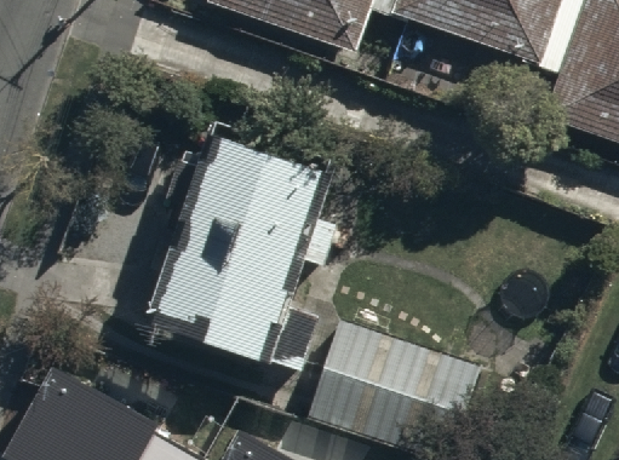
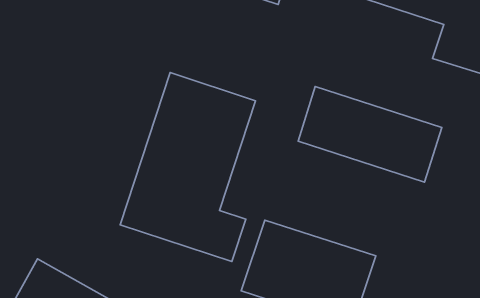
building: none -> [298,86,442,182]

